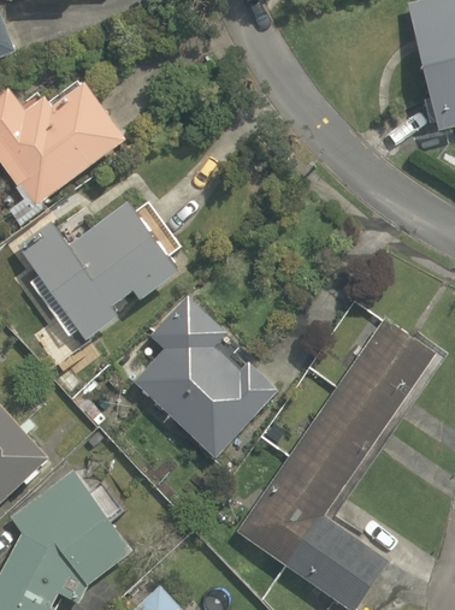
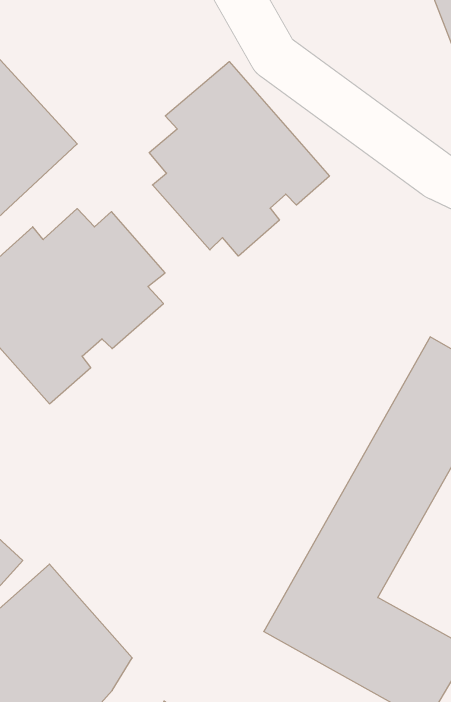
building: none -> [149,62,329,256]
building: [125,286,284,464] -> none

